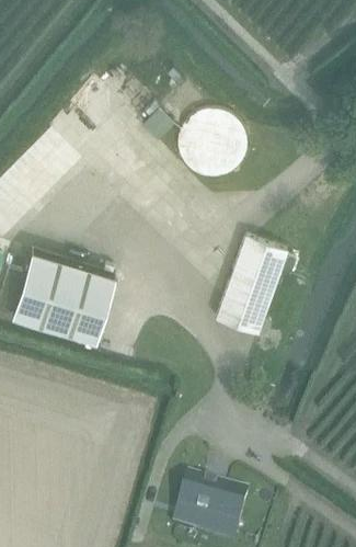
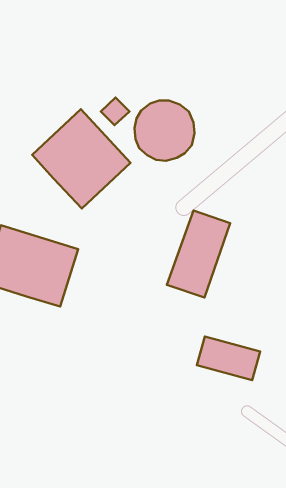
building: none -> [32,109,131,208]
building: [180,483,250,532] -> [197,337,260,380]

